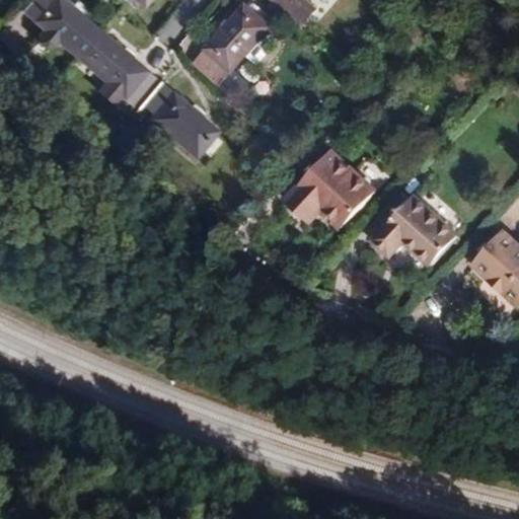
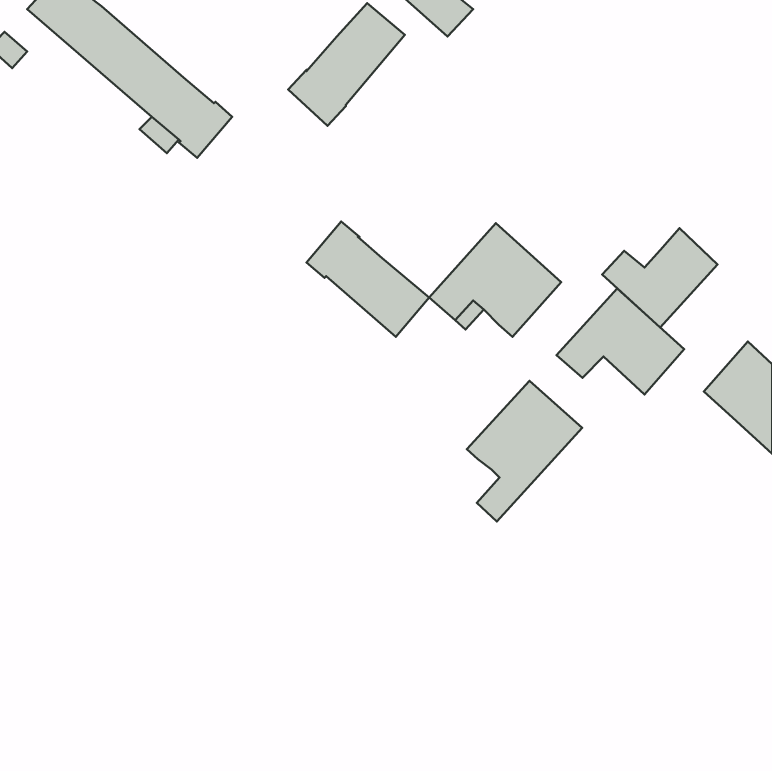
building: [132,78,214,155] -> [306,222,429,337]
building: none -> [602,228,717,327]
building: none -> [467,381,582,522]

